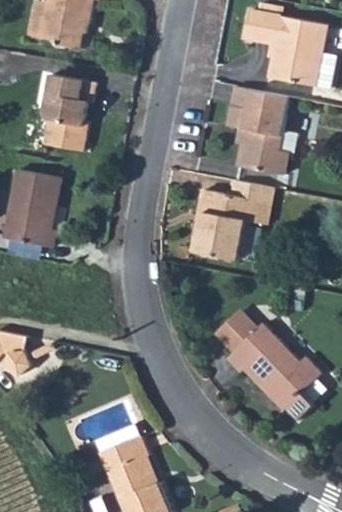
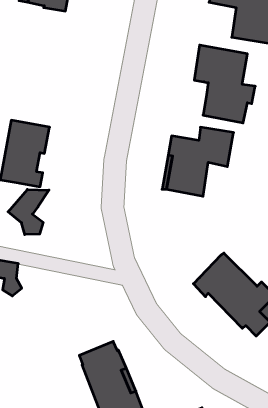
building: [41,73,94,150] -> none
building: none -> [8,189,49,235]
building: [214,308,258,352] -> none

